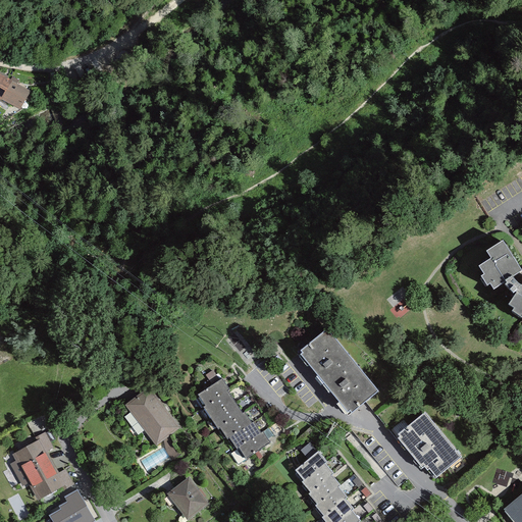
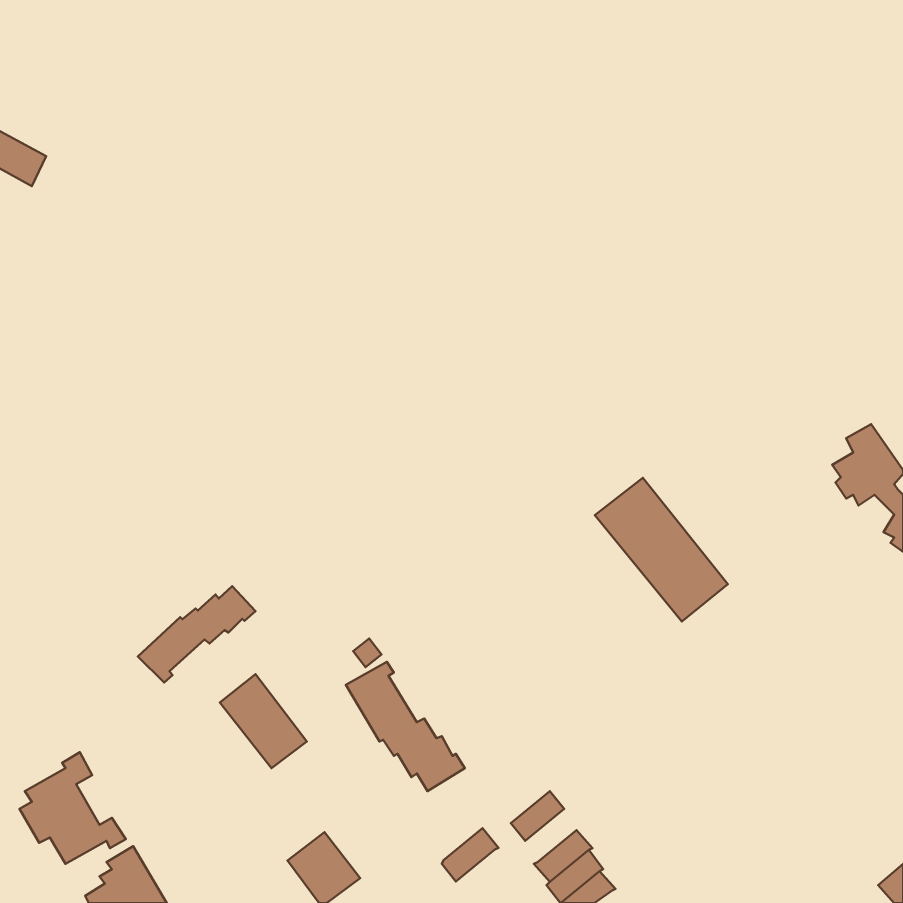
building: [300,328,376,411] -> [595,478,728,621]
building: none -> [138,586,256,682]
building: [398,413,460,475] -> none
building: [301,465,333,495] -> [442,828,499,881]

